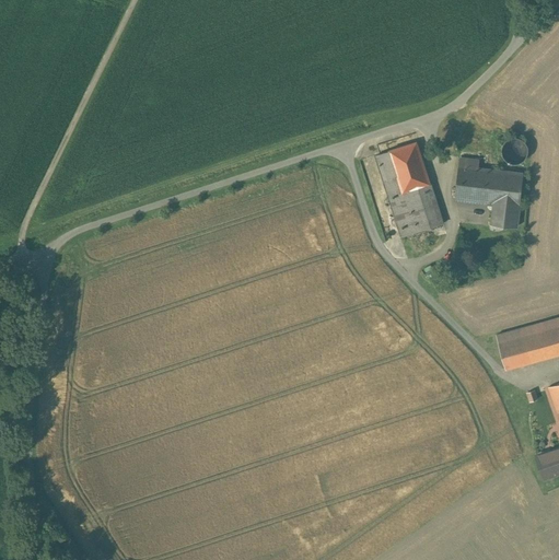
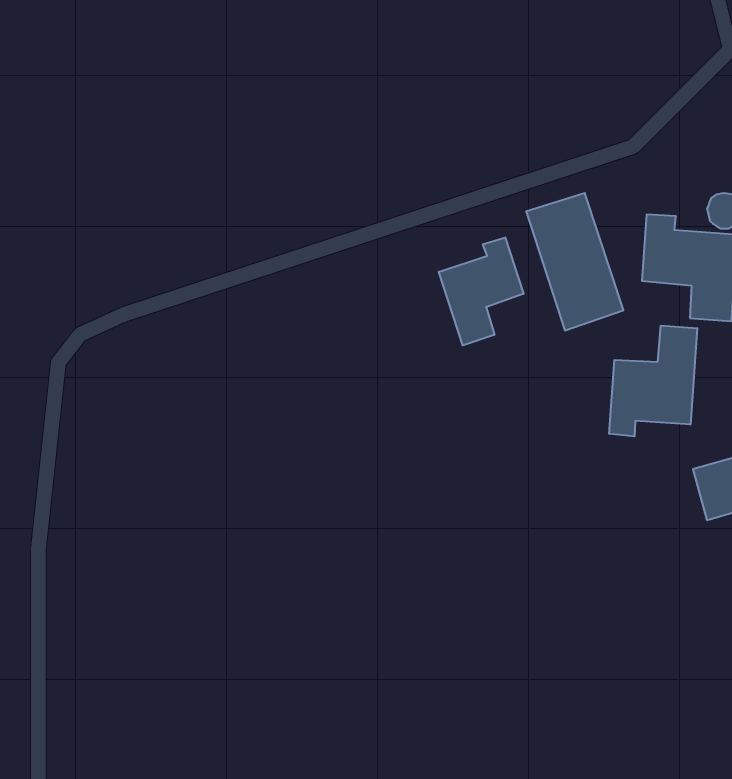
building: none -> [439,237,524,345]
building: none -> [609,326,697,436]

